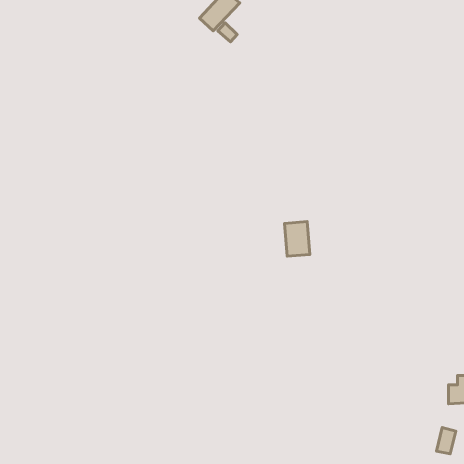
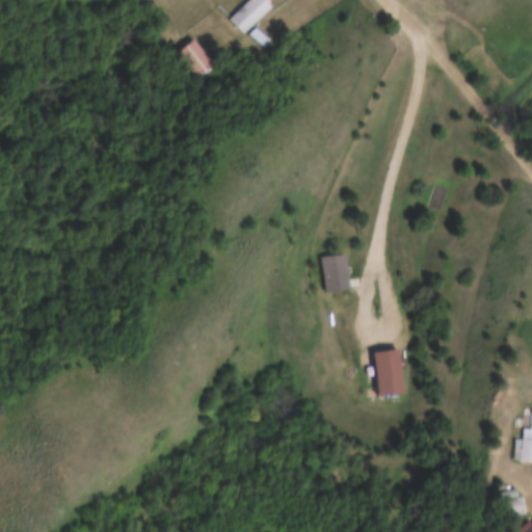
building: none -> [182,38,214,77]
building: none -> [368,350,399,394]

